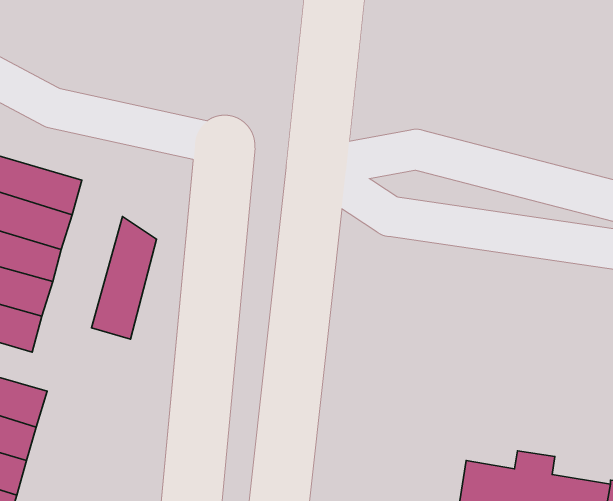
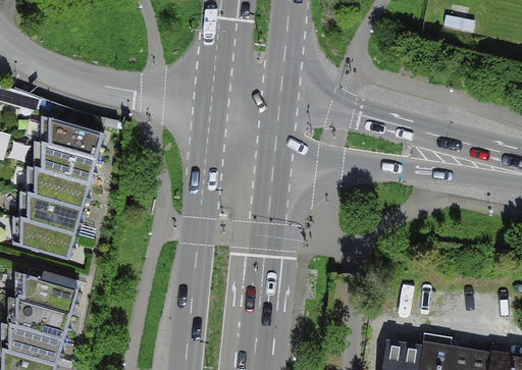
building: [91,216,156,339] -> none

